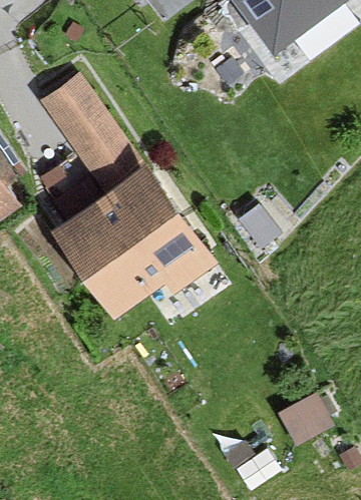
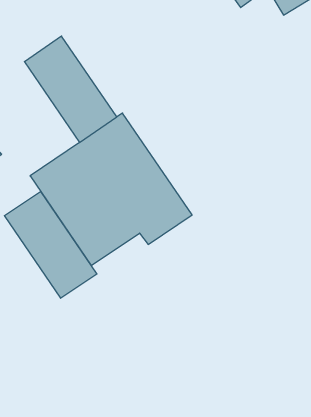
building: none -> [4,191,97,298]

